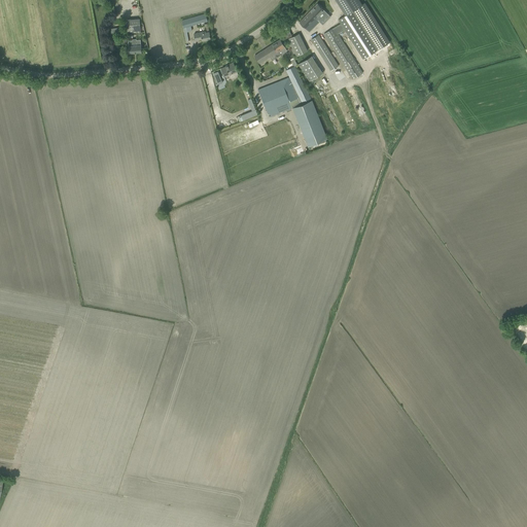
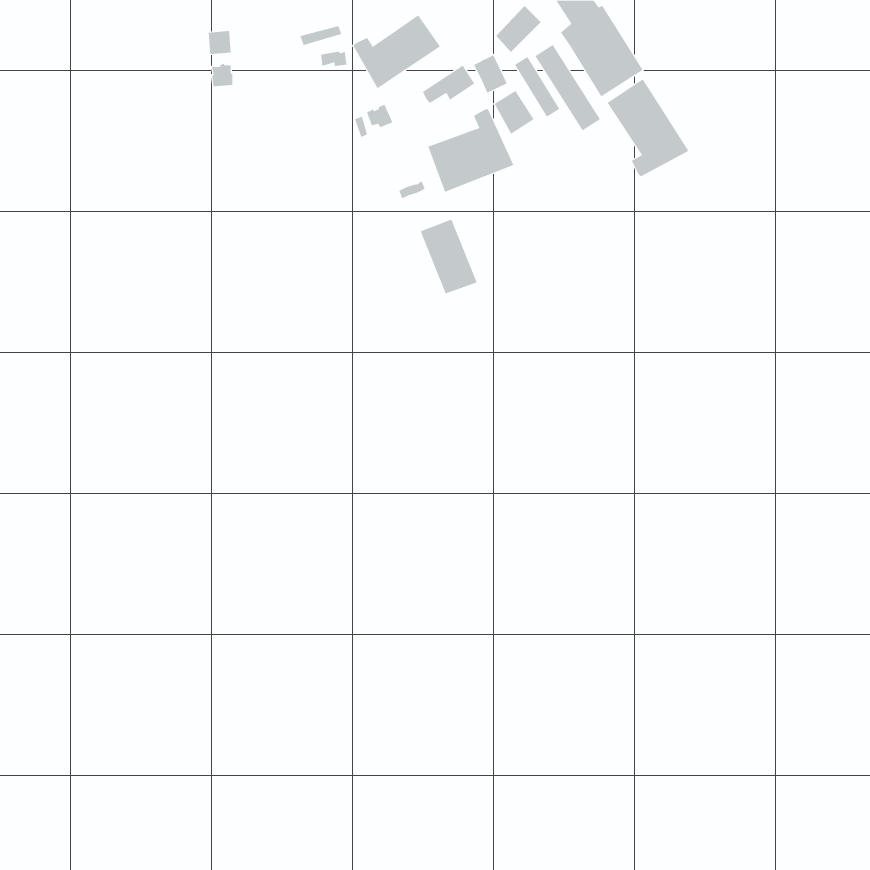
building: none -> [353,15,441,89]
building: none -> [607,78,689,177]
building: [292,100,327,145] -> [420,219,478,294]

